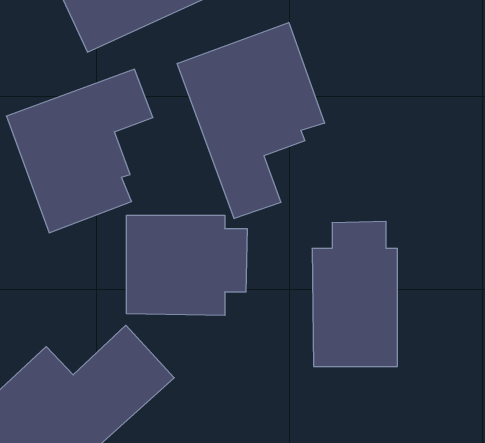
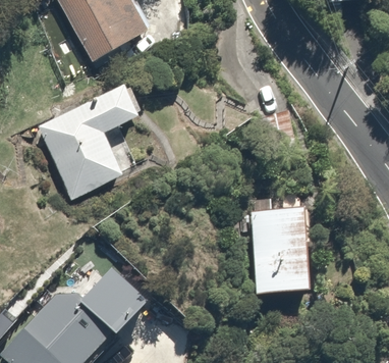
building: [177,22,325,219] -> none
building: [127,215,247,315] -> none

